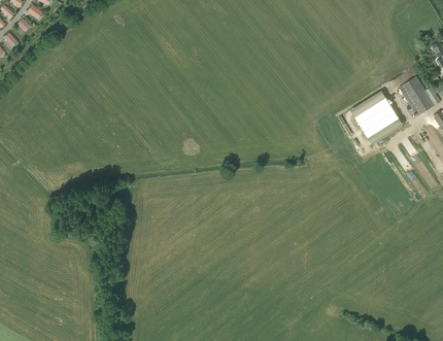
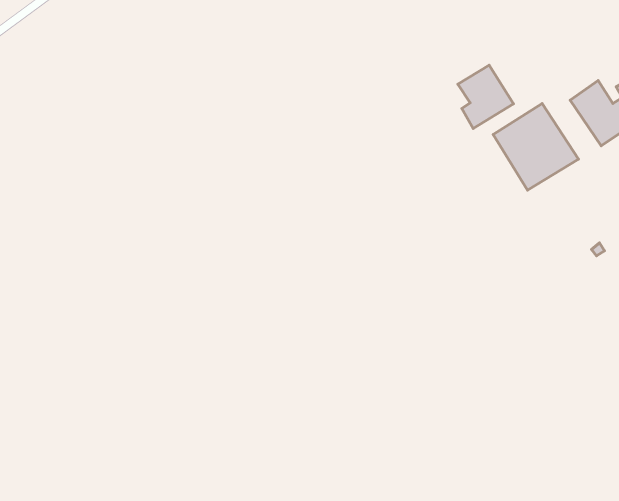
building: none -> [458,65,513,129]

